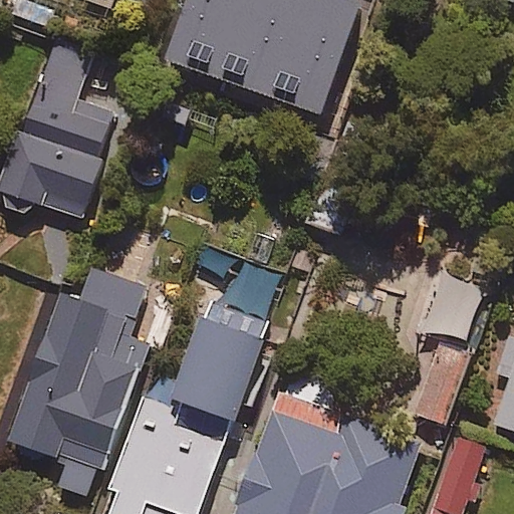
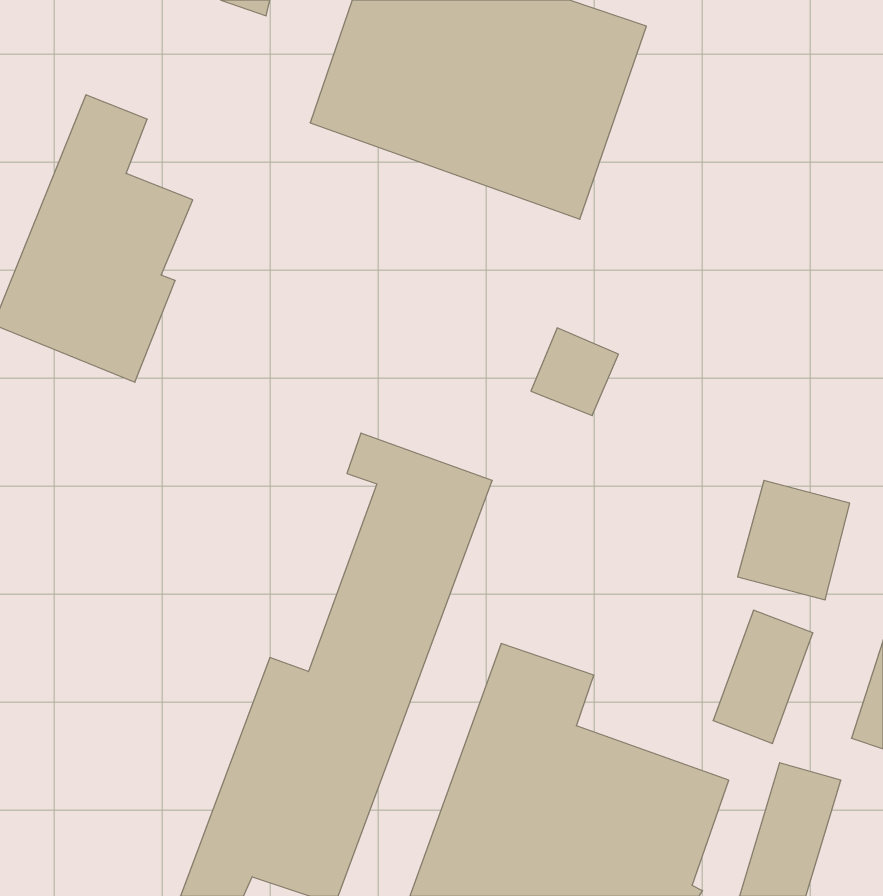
building: [11,272,151,492] -> none

